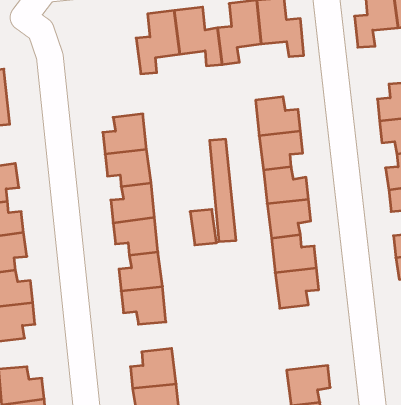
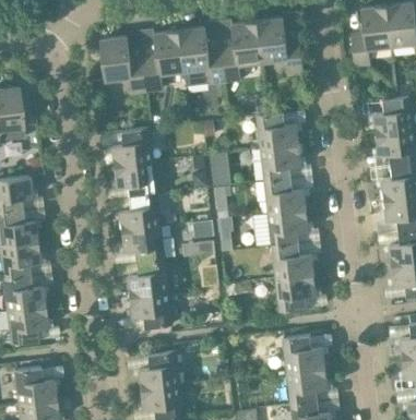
building: none -> [100,37,147,93]
building: none -> [283,336,325,372]

